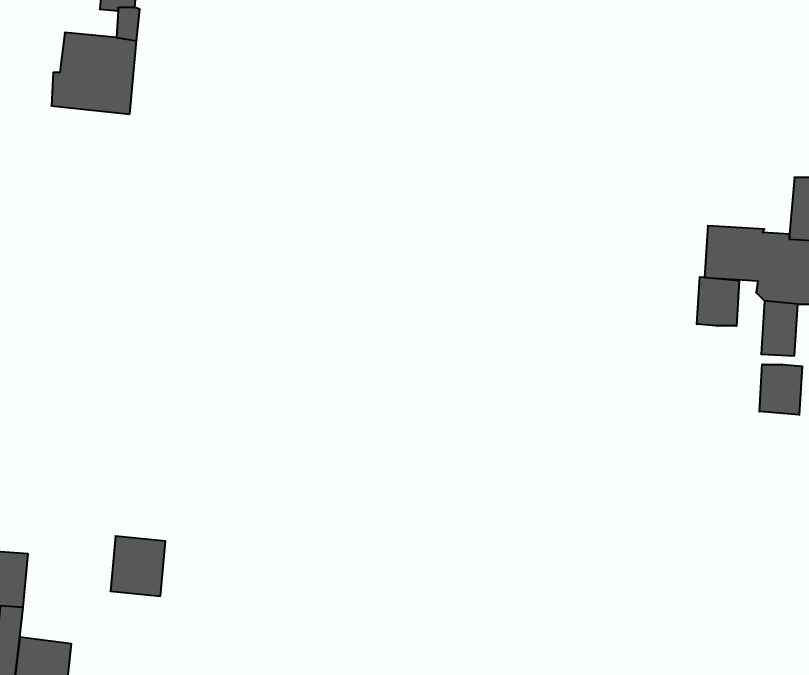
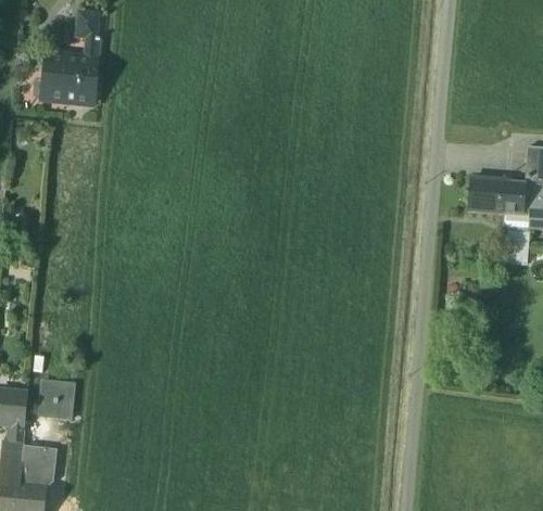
building: [697,277,739,326] -> none
building: [759,364,802,415] -> none
building: [110,536,165,596] -> [38,379,74,418]

